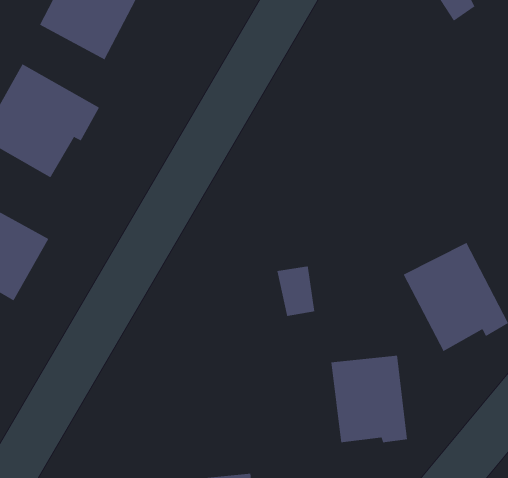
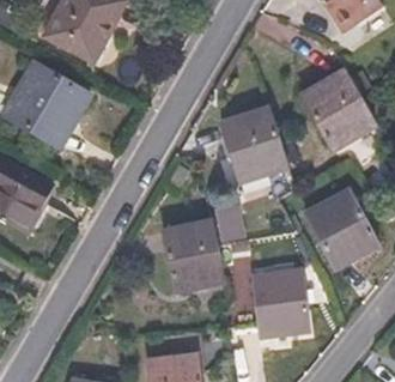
building: none -> [303,72,373,150]
building: none -> [223,109,286,180]
building: none -> [165,223,221,292]

